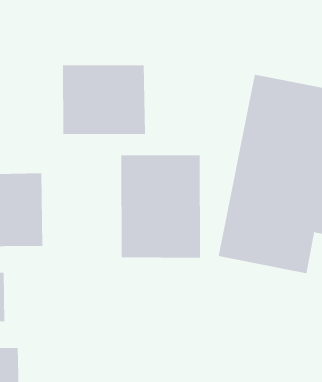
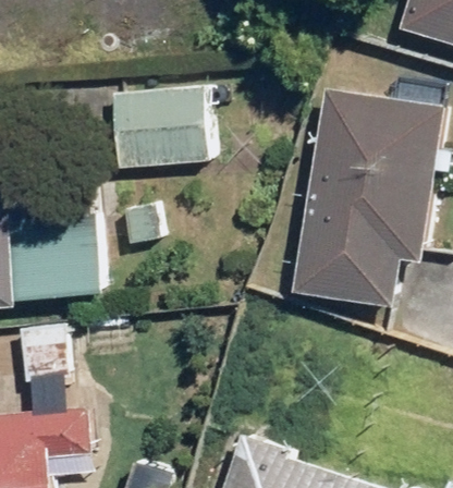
building: [121,155,201,259] -> none

